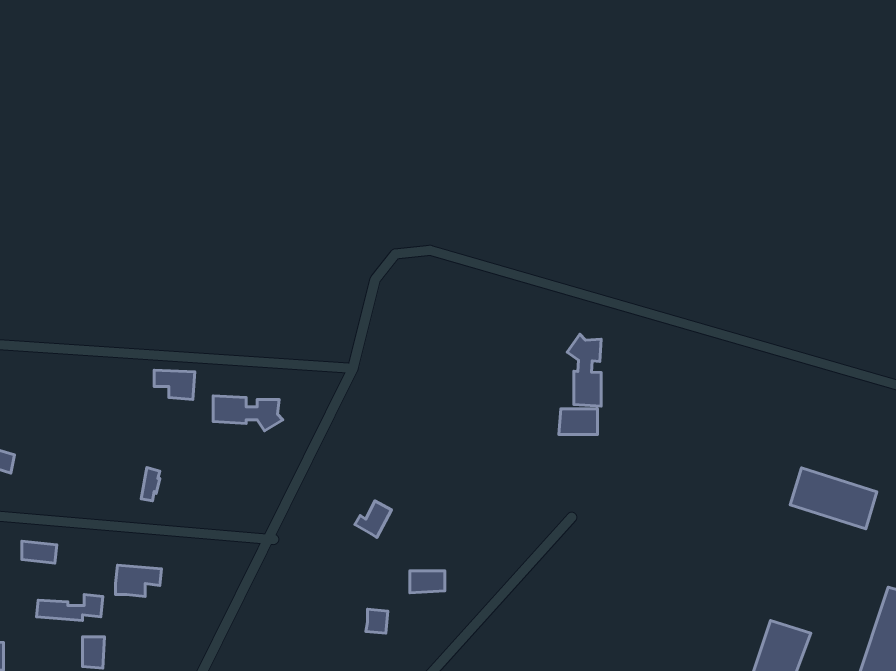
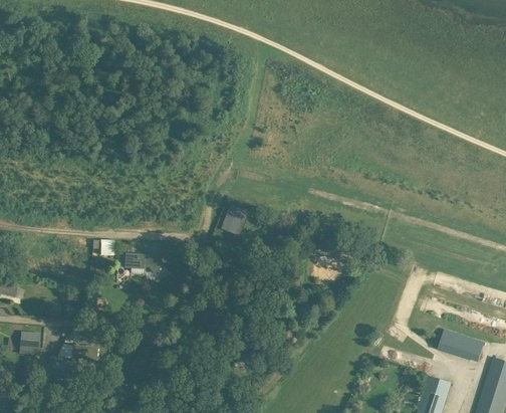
building: none -> [220,204,249,236]
building: [567,334,601,406] -> none
building: [790,468,877,529] -> [438,330,485,363]

